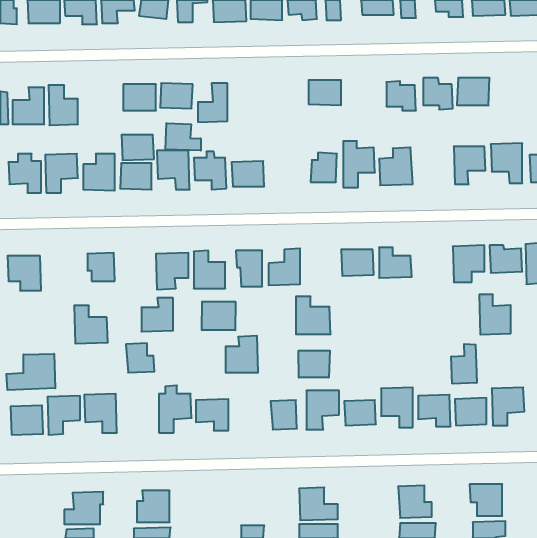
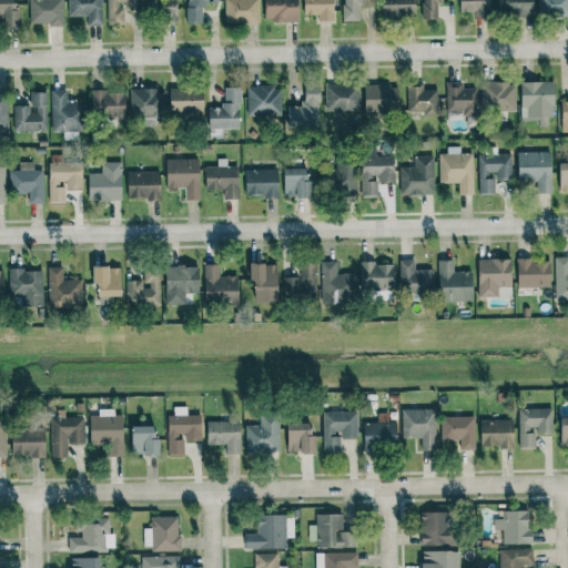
building: none -> [521,82,555,119]
building: none -> [288,84,321,128]
building: none -> [365,85,399,113]
building: none -> [247,87,283,114]
building: [165,123,201,151] -> none
building: [121,135,154,160] -> [92,91,126,118]
building: none -> [439,146,475,195]
building: none -> [284,169,313,199]
building: [479,295,511,335] -> [439,260,473,302]
building: [296,296,331,334] -> [322,262,358,302]
building: [141,298,173,332] -> [128,271,161,306]
building: [202,302,235,330] -> none
building: [74,306,108,344] -> [48,267,83,307]
building: [226,336,258,373] -> [246,414,281,453]
building: [126,343,154,373] -> [131,425,161,456]
building: [451,344,477,384] -> none
building: [299,351,330,378] -> none
building: [6,354,55,390] -> none
building: none -> [246,515,294,549]

